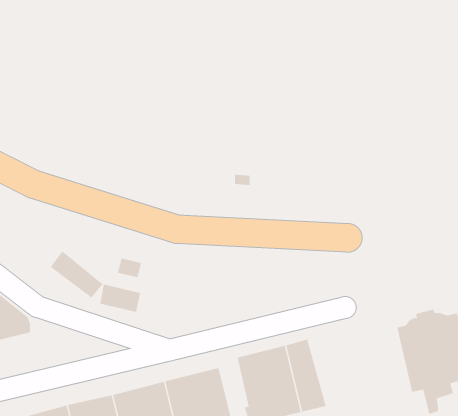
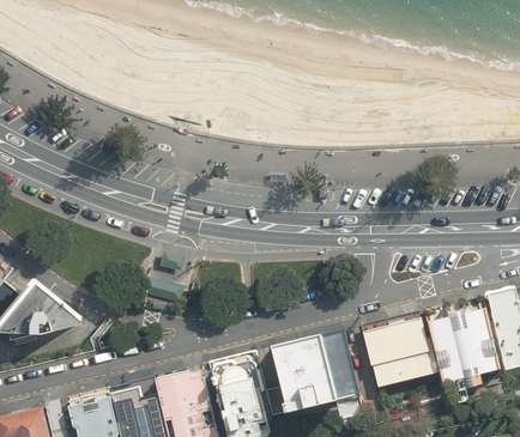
building: [50,251,103,299] -> none
building: none -> [359,309,437,387]

